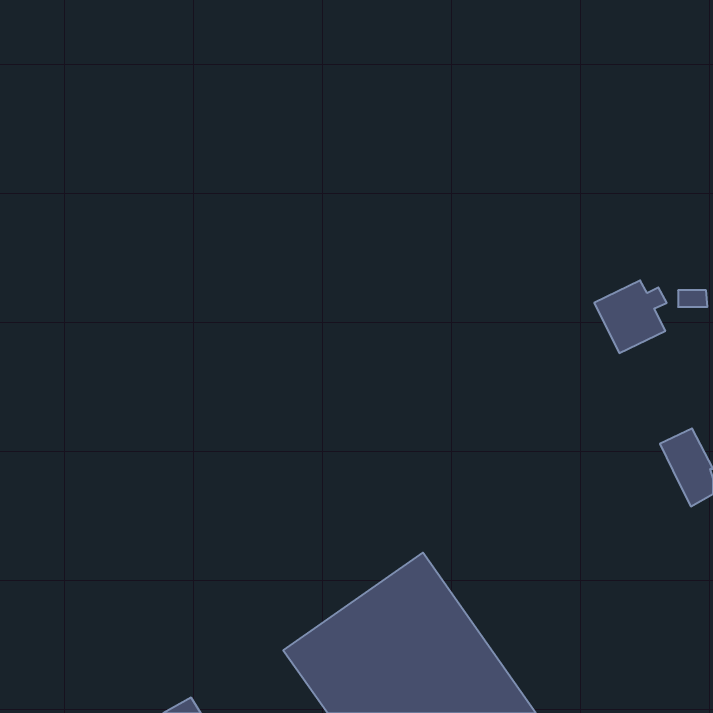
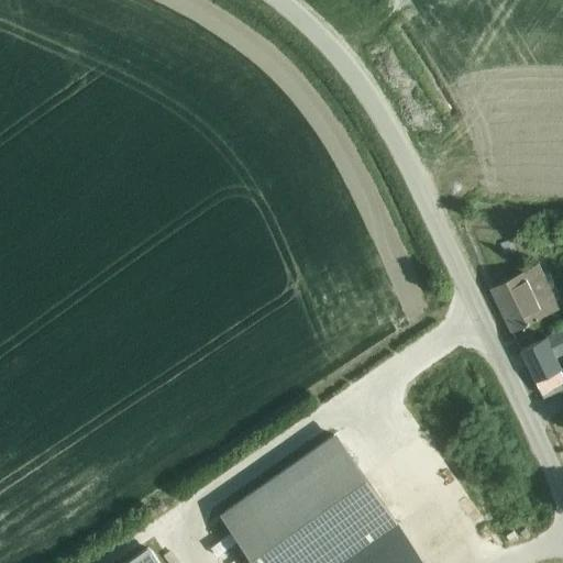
building: [594,280,667,353] -> [493,275,550,332]

